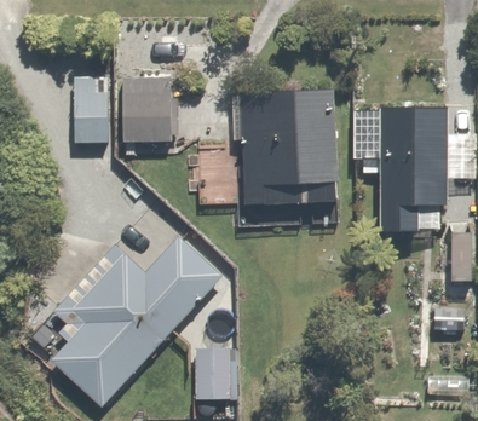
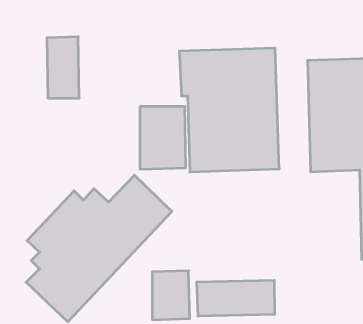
building: [122,74,175,146] -> [140,107,186,169]
building: none -> [197,280,274,316]

